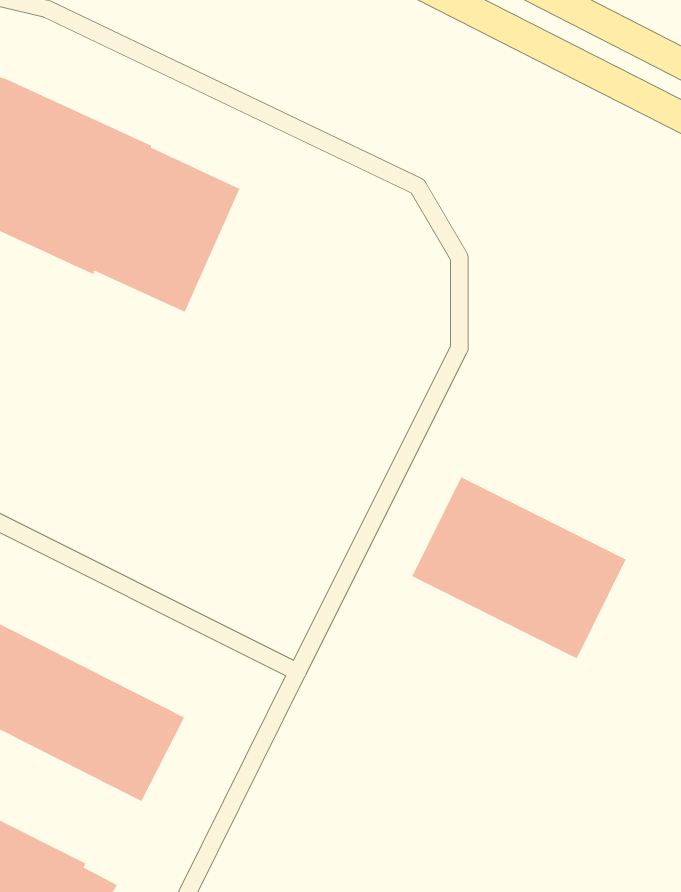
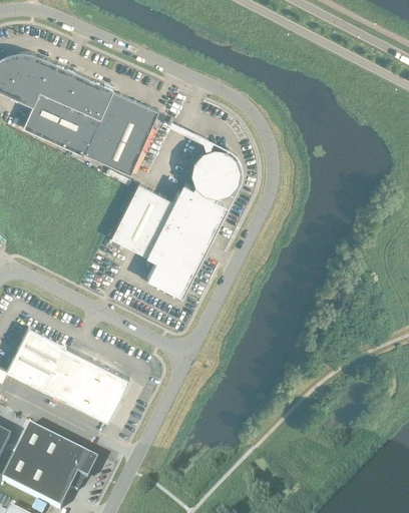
building: none -> [110,147,240,297]
building: [411,476,627,659] -> none

